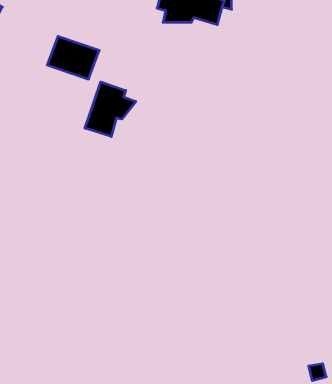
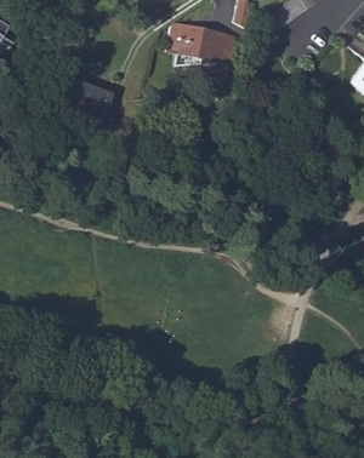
building: [85,82,136,137] -> none

